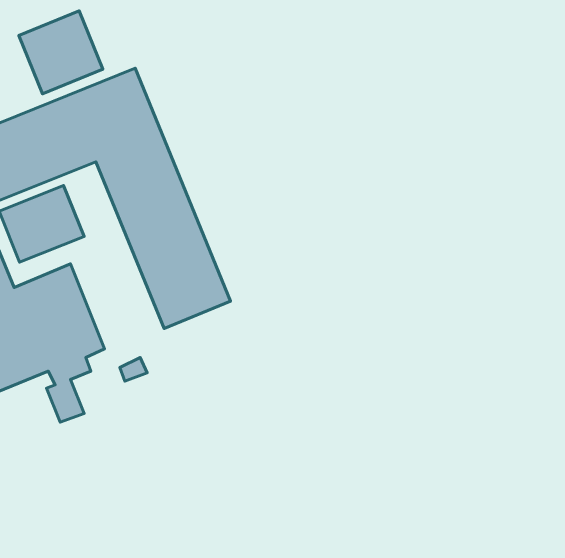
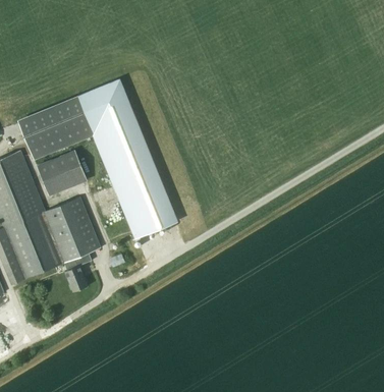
building: [19,11,103,94] -> none

